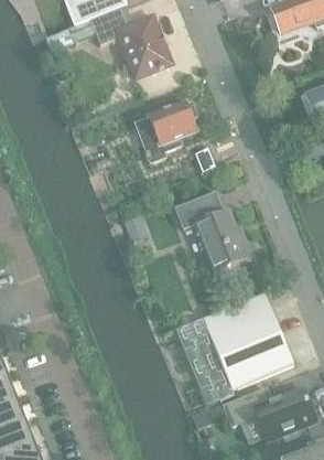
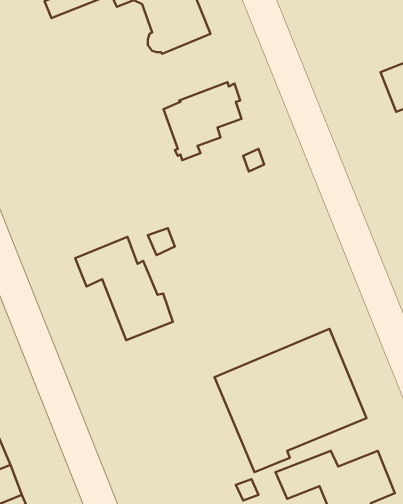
building: [174,191,250,271] -> [75,237,173,340]

